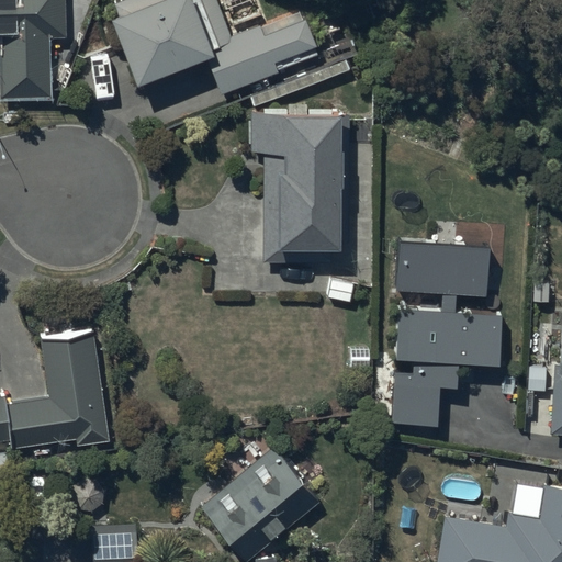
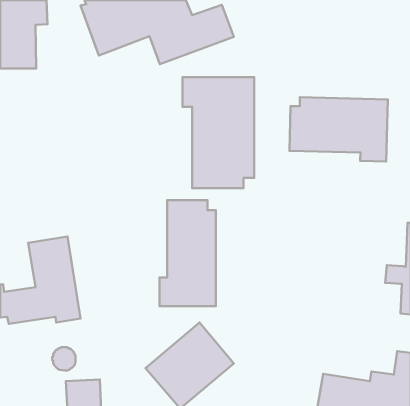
building: none -> [289,97,388,162]
building: [394,239,498,424] -> none
building: none -> [160,200,216,306]

